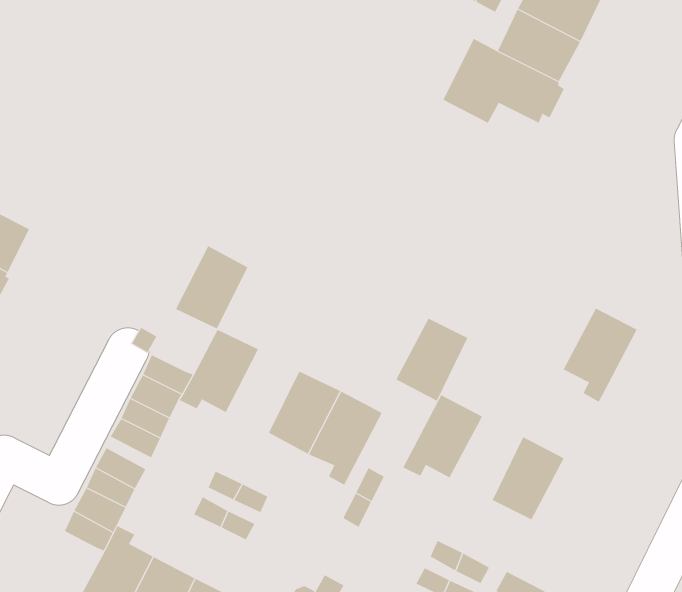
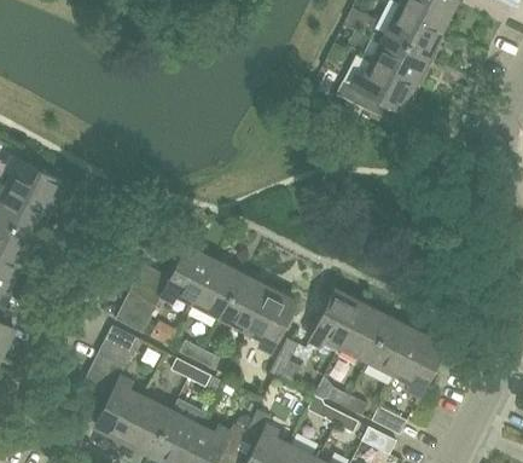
building: [175,245,248,329] -> [192,260,240,316]
building: [563,308,637,402] -> [395,332,444,395]
building: [395,318,468,401] -> [341,305,389,360]

